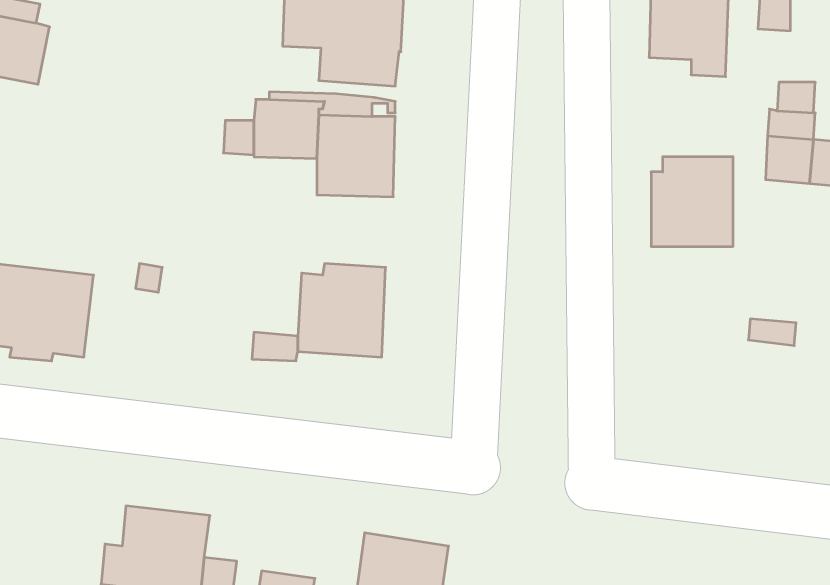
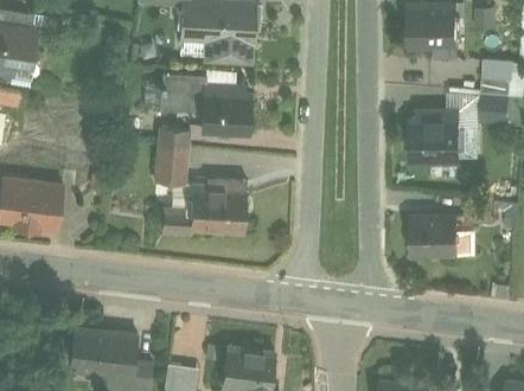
building: none -> [447,96,480,124]
building: none -> [152,129,188,186]
building: none -> [413,210,462,259]

